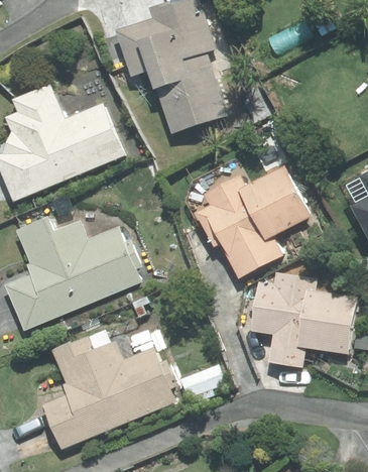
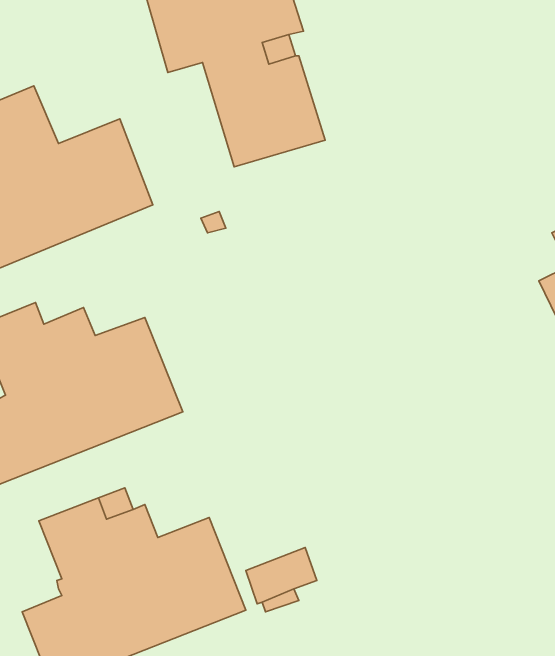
building: [196,165,310,277] -> none
building: [250,270,357,367] -> none

